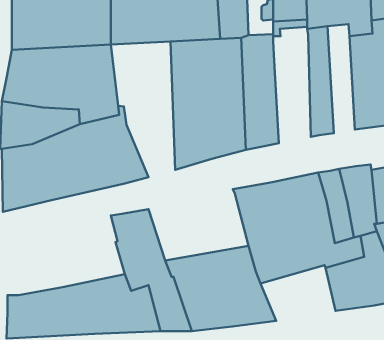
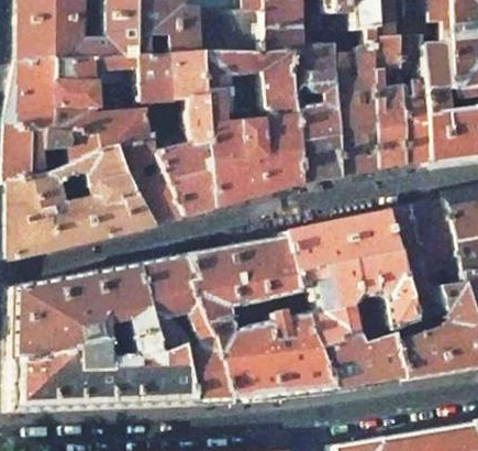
building: none -> [394,33,427,164]
building: none -> [330,46,375,176]
building: none -> [135,54,212,217]
building: none -> [180,236,300,317]
building: none -> [11,263,152,359]
building: none -> [314,322,404,389]

